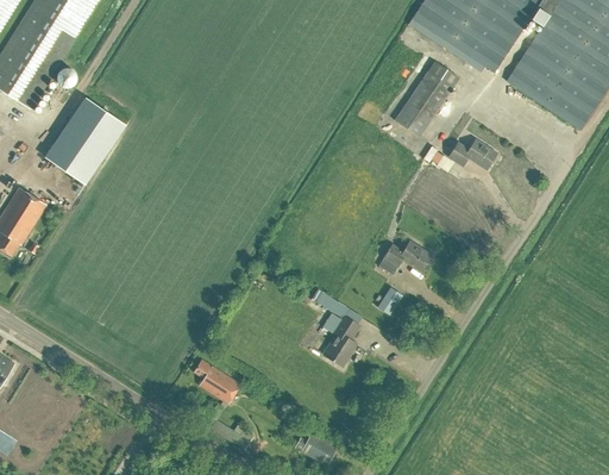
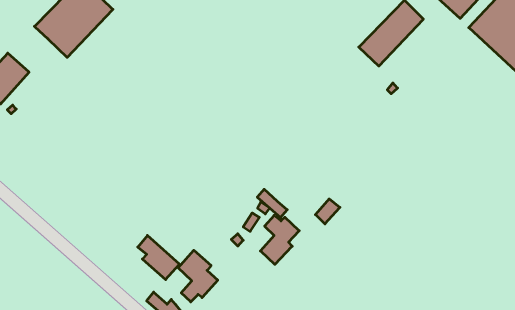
building: [447,140,497,170] -> none
building: [377,242,431,276] -> none
building: none -> [178,250,218,302]

